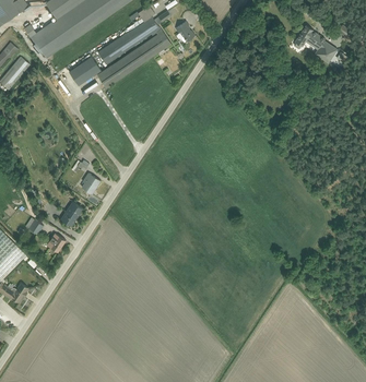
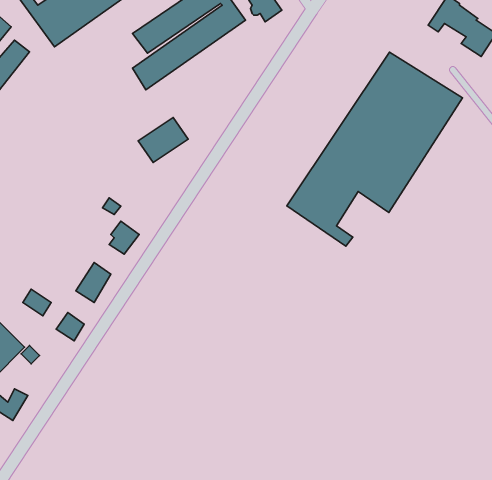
building: [67,56,99,85] -> [138,118,188,162]
building: none -> [287,52,462,246]

